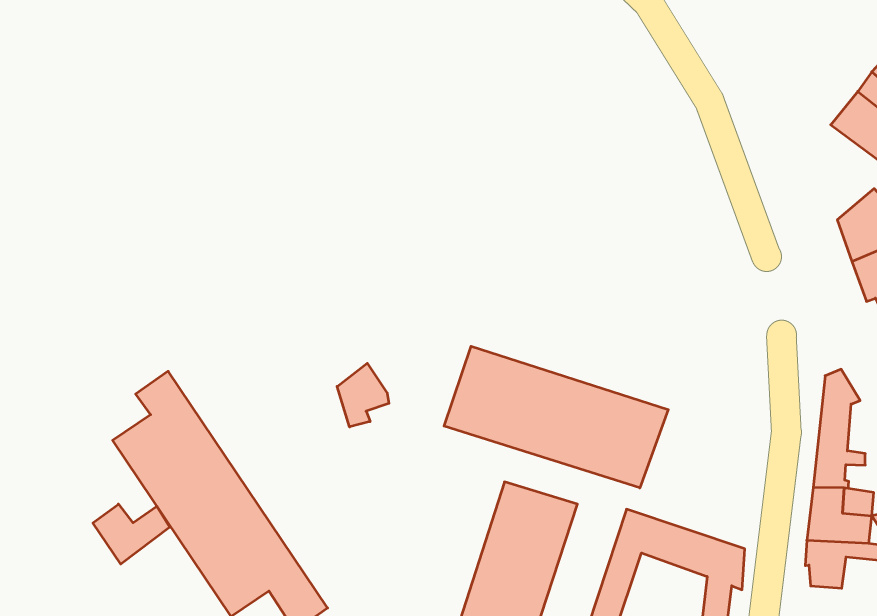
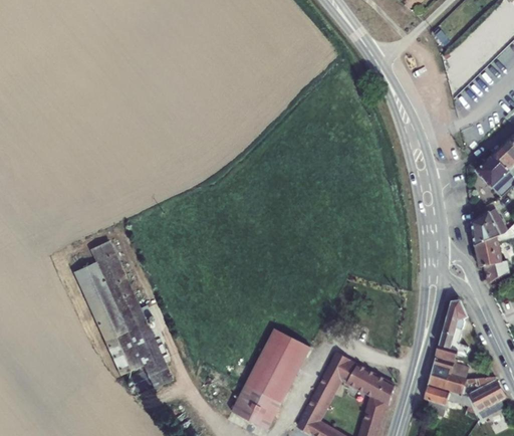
building: [444,346,668,488] -> none
building: [337,363,389,427] -> none
building: [93,504,170,564] -> none

